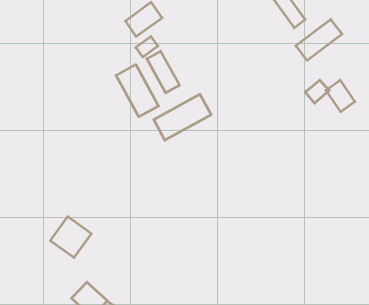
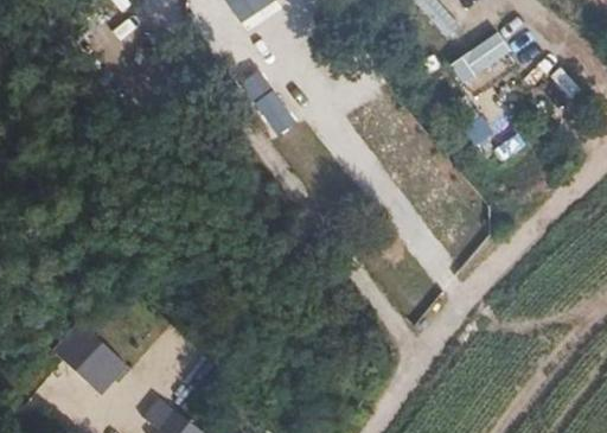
building: [116,65,159,117] -> none
building: [154,94,211,140] -> none
building: [50,217,91,258] -> [72,337,129,394]

